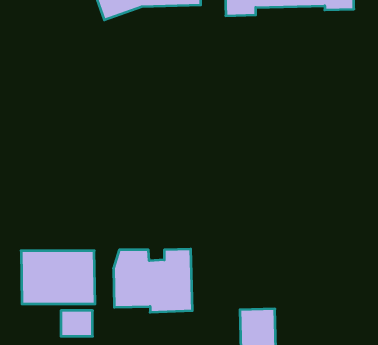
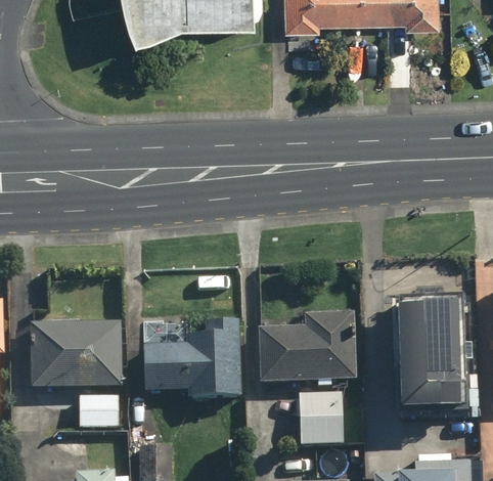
building: none -> [395,304,460,412]
building: none -> [259,312,357,387]

